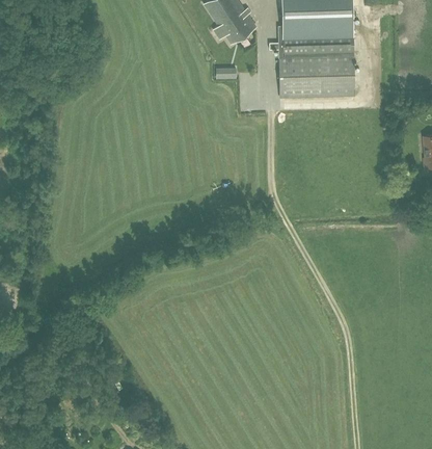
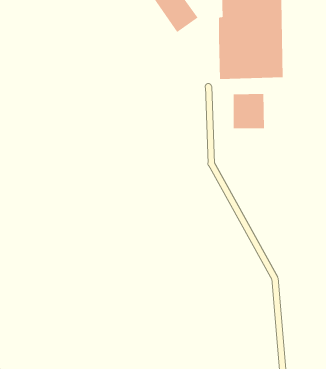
building: none -> [233,93,264,129]

